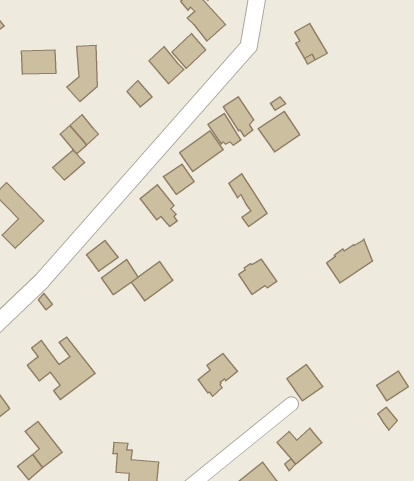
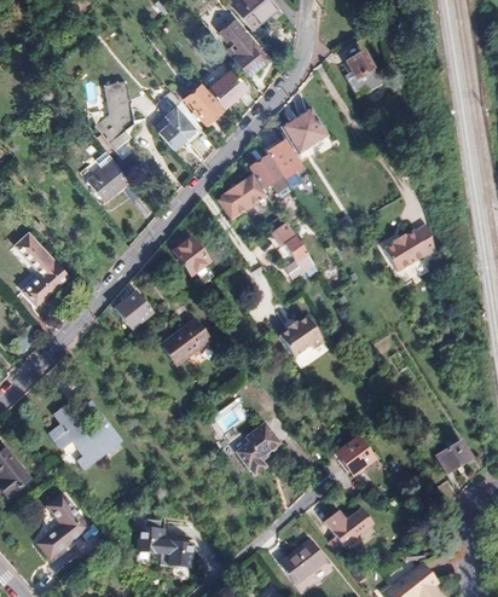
building: [22,50,56,74] -> none
building: none -> [156,91,201,138]
building: [258,111,300,152] -> [283,109,329,153]
building: [53,150,85,180] -> none
building: [163,164,194,194] -> none
building: [327,239,373,283] -> [383,222,434,271]
building: [101,259,138,295] -> none

